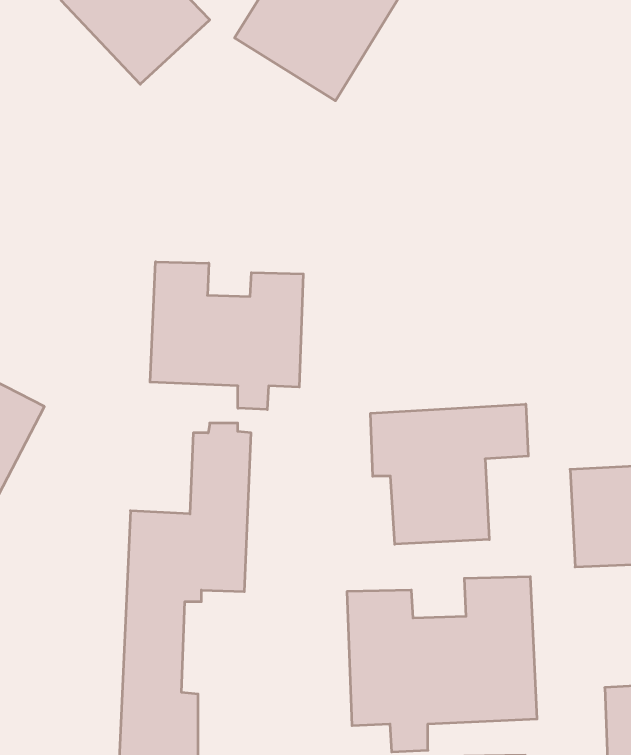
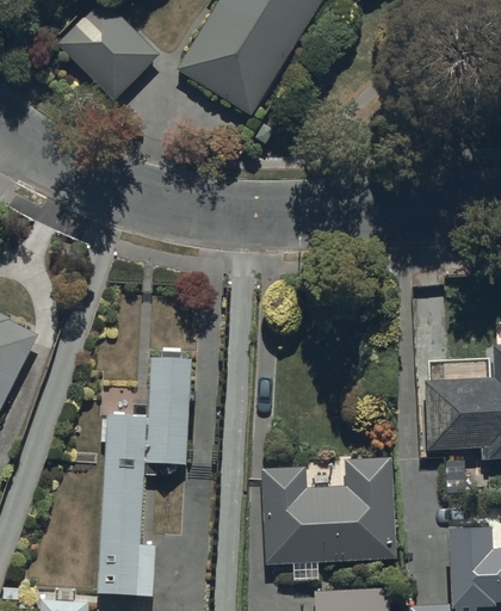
building: [150,262,303,410] -> none
building: [371,404,528,544] -> none

